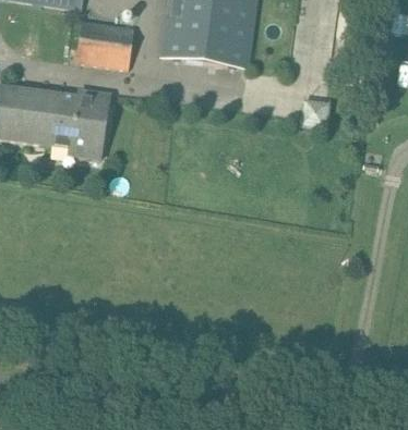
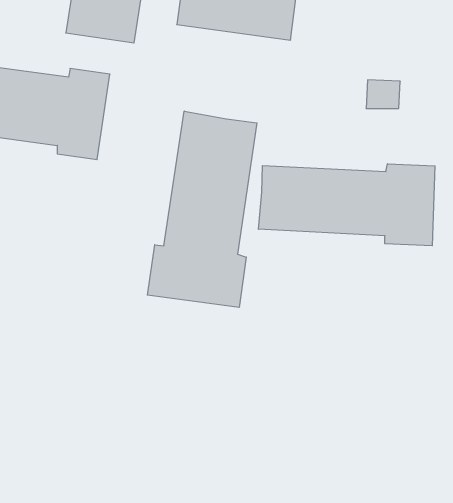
building: none -> [147,111,257,307]
building: none -> [258,164,435,246]

